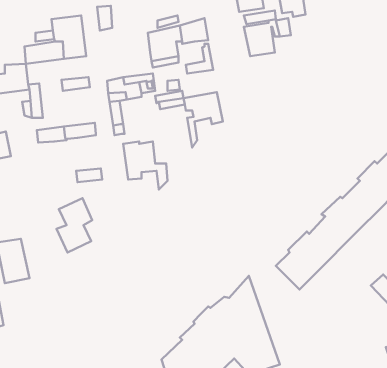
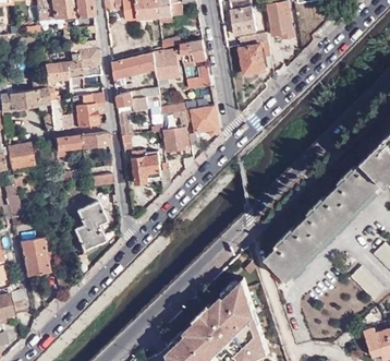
building: none -> [112,53,156,87]
building: none -> [75,103,97,127]
building: none -> [164,125,188,152]

